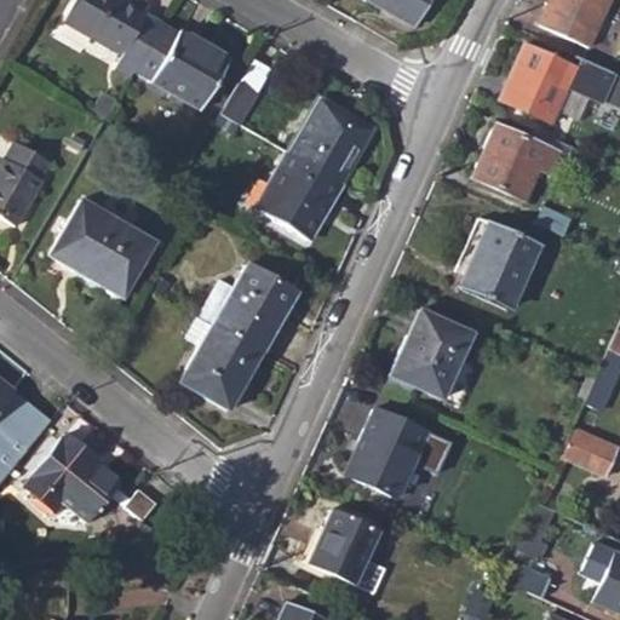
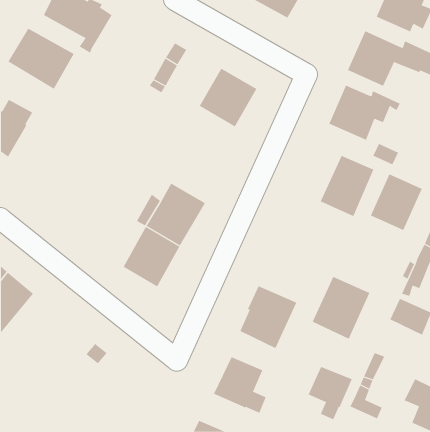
building: [136,22,231,110] -> [7,28,74,90]
building: [256,151,340,239] -> none
building: [50,199,156,293] -> none
building: none -> [370,174,422,231]
building: [390,309,473,400] -> [312,276,370,340]
building: [24,434,121,524] -> none
building: none -> [308,366,353,420]

